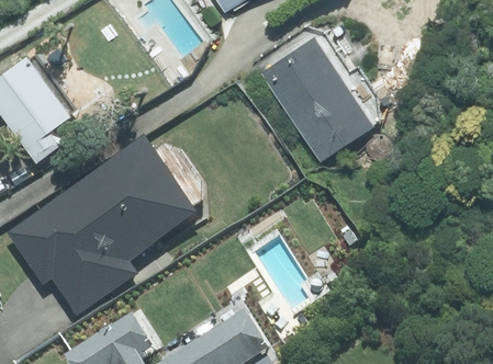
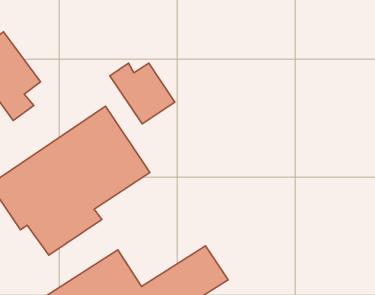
building: [260,35,370,158] -> none
building: none -> [110,63,175,124]

